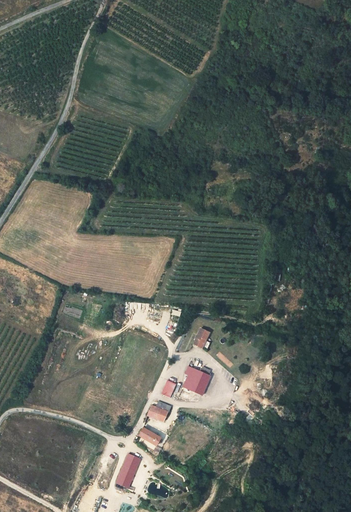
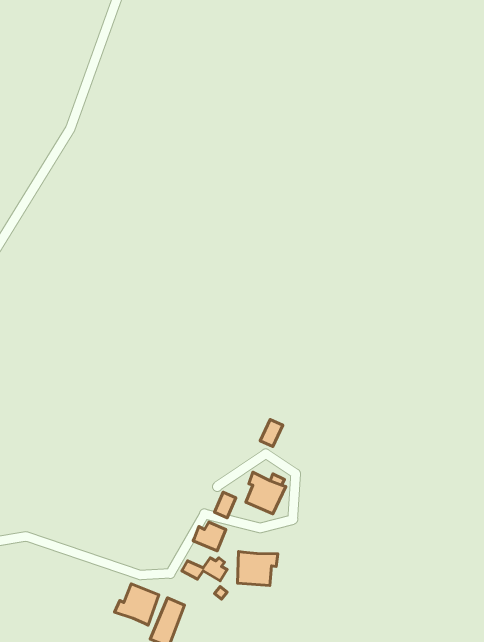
building: none -> [237,551,278,585]
building: none -> [114,584,159,625]

